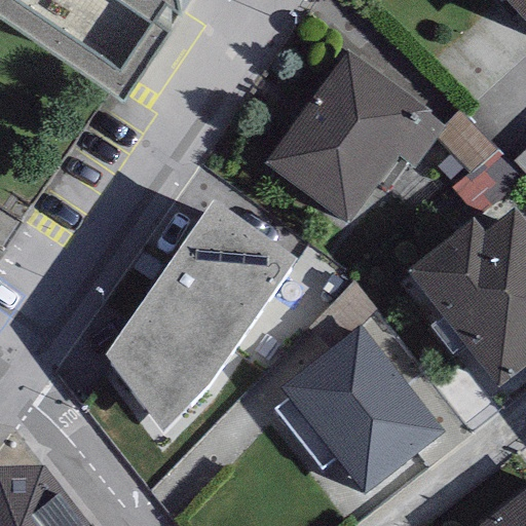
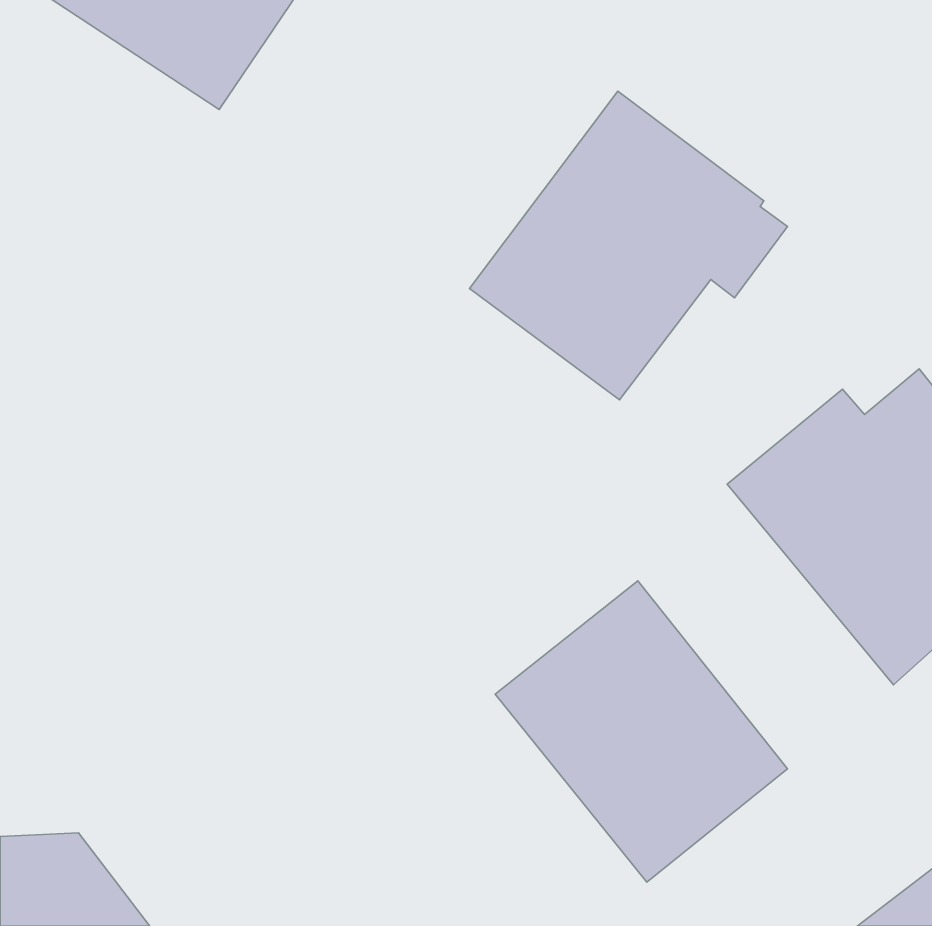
building: [108,202,295,436] -> none

